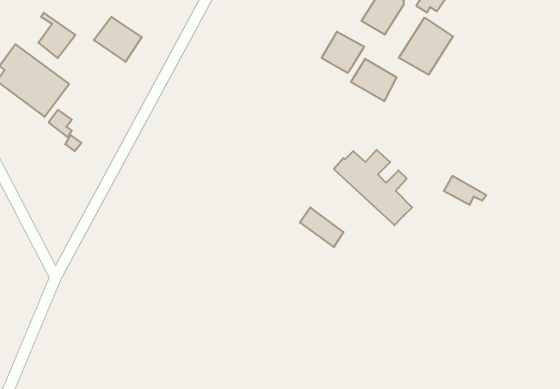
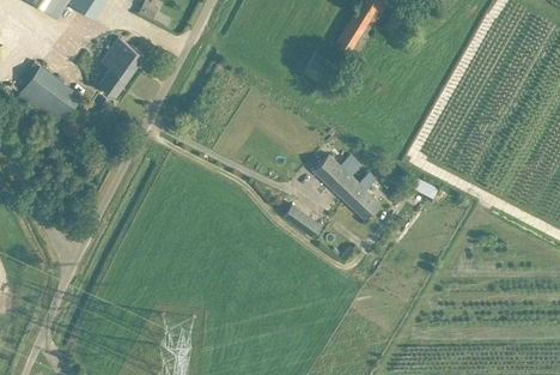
building: [38,13,75,58] -> [98,58,130,97]
building: [399,18,453,75] -> none
building: [351,59,396,101] -> none

